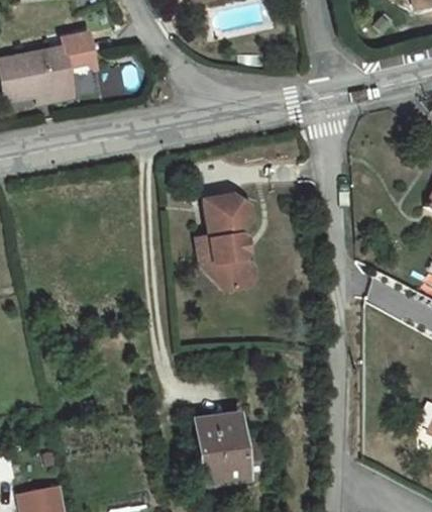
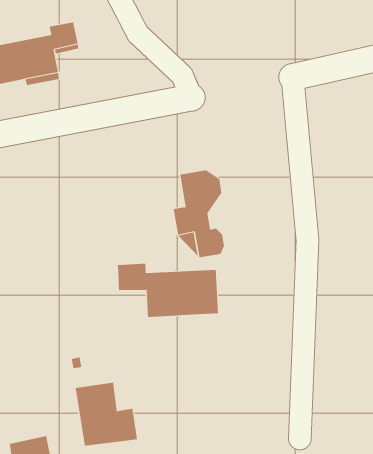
building: none -> [117,263,219,318]
building: [194,413,262,483] -> [75,382,138,446]

